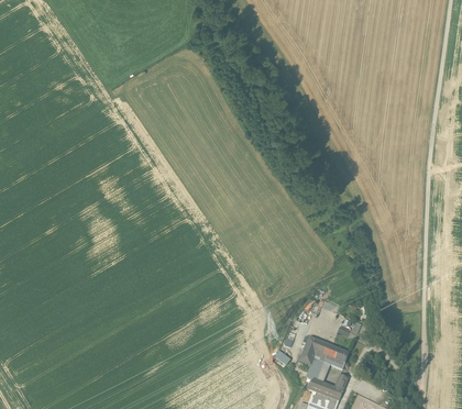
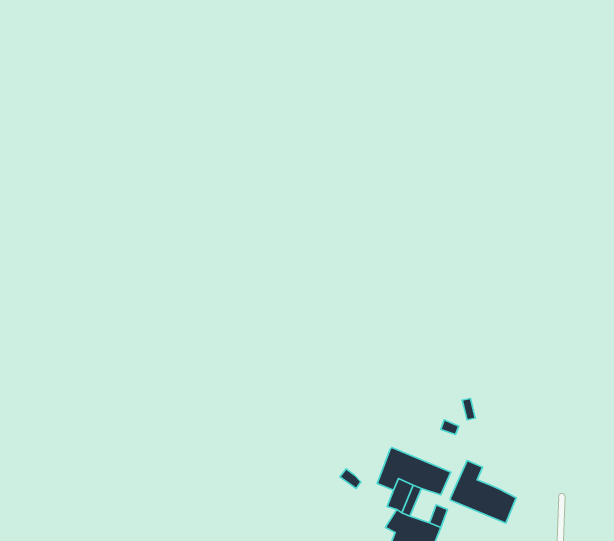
building: none -> [450,461,516,523]

